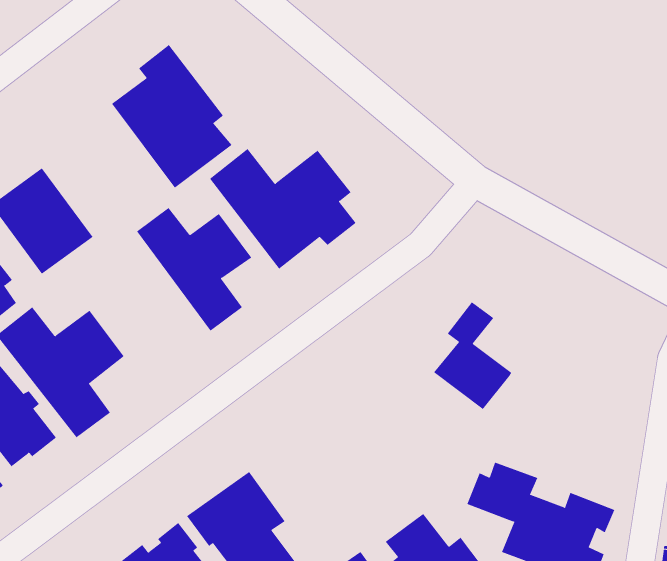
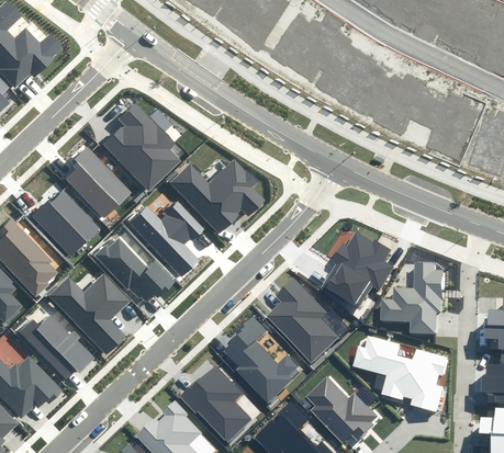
building: none -> [65,146,131,218]
building: none -> [97,237,176,305]
building: none -> [346,230,391,288]
building: none -> [378,263,441,333]
building: none -> [267,279,337,362]
building: none -> [219,317,302,401]

